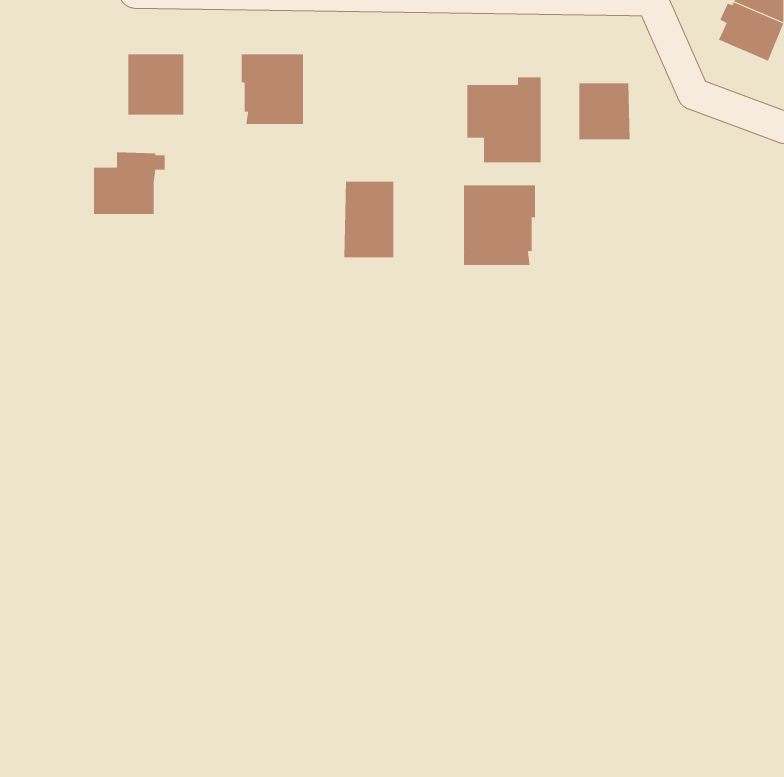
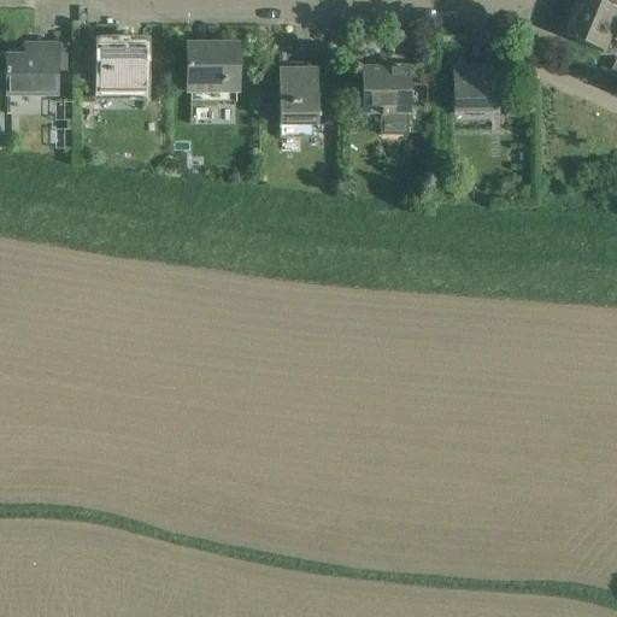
building: [93,152,165,215] -> [8,42,65,92]
building: [344,181,394,258] -> [280,60,319,121]
building: [464,184,536,266] -> none

